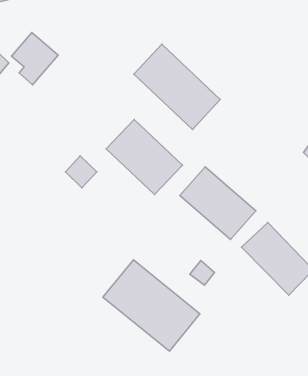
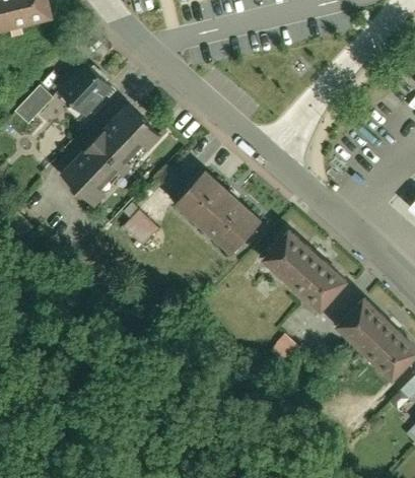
building: [134,44,220,130] -> none
building: none -> [57,103,162,211]
building: [103,260,200,351] -> none

